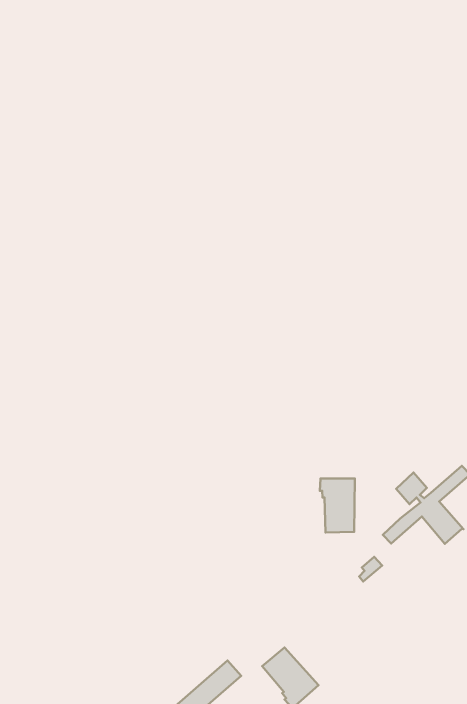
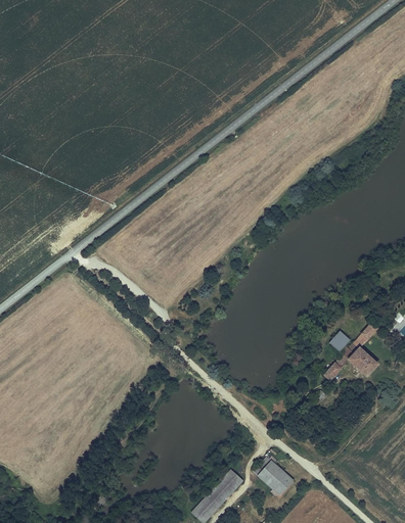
building: [320,478,355,533] -> none

